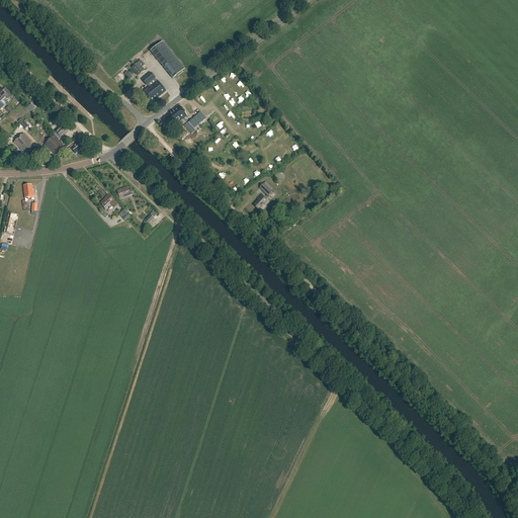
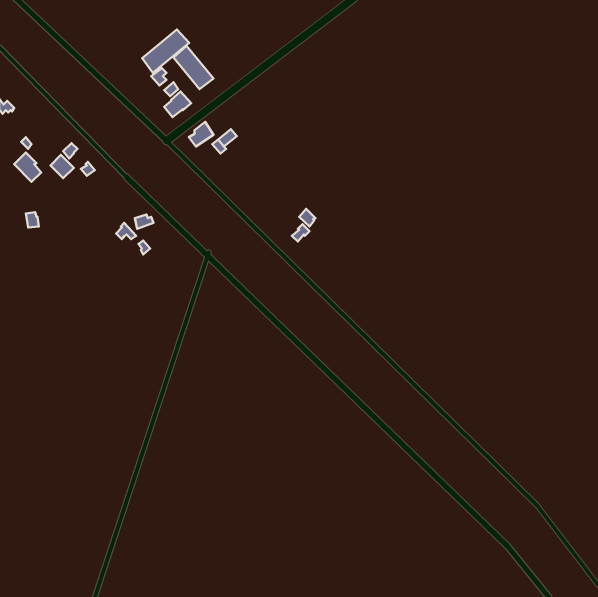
building: none -> [142,29,189,73]

